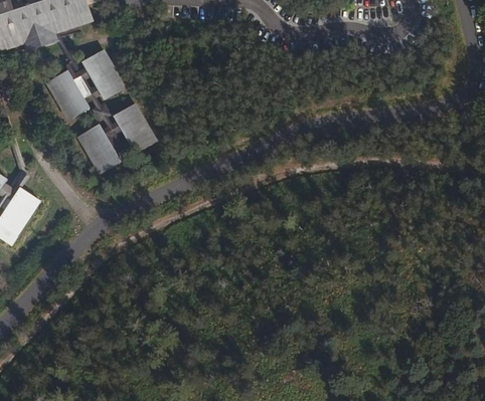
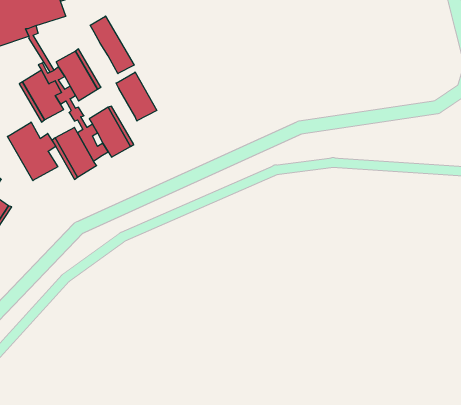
building: none -> [90,16,134,74]
building: none -> [116,72,157,121]
building: none -> [7,122,58,181]

